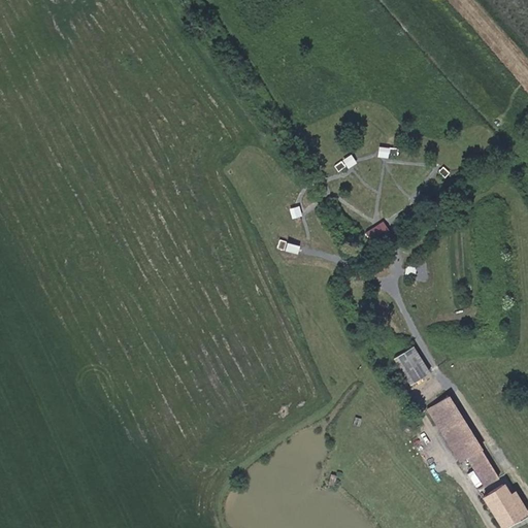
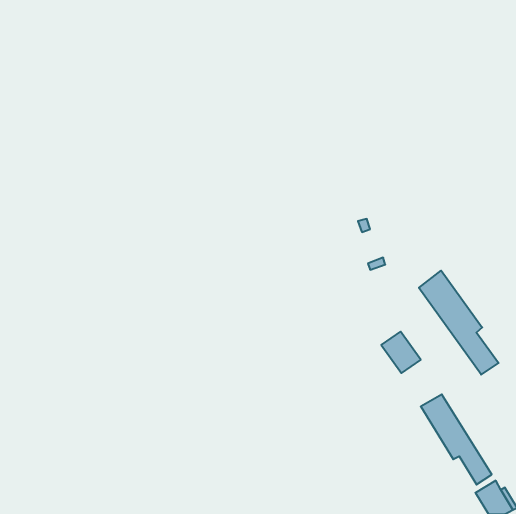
building: none -> [419,271,499,375]

